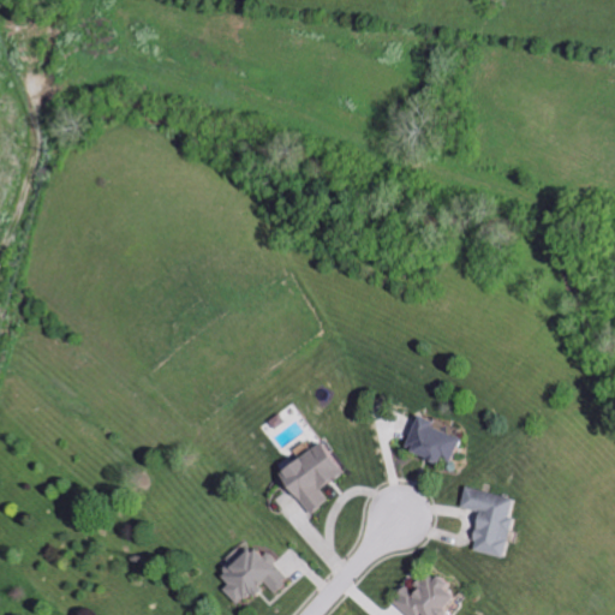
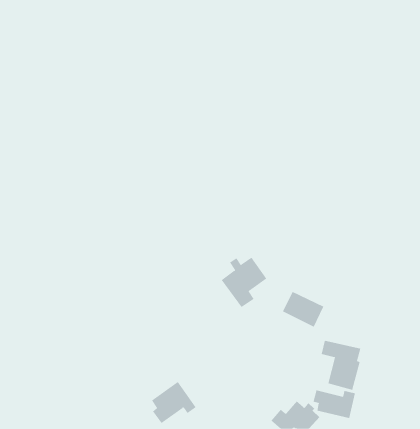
building: [277,441,344,514] -> [221,257,267,308]
building: none -> [313,390,355,419]

